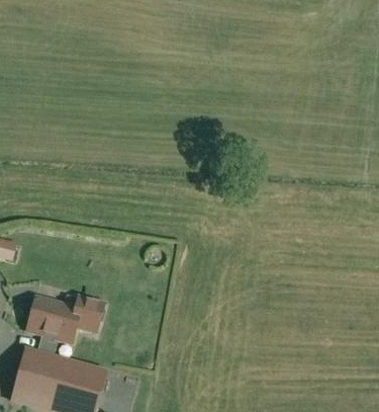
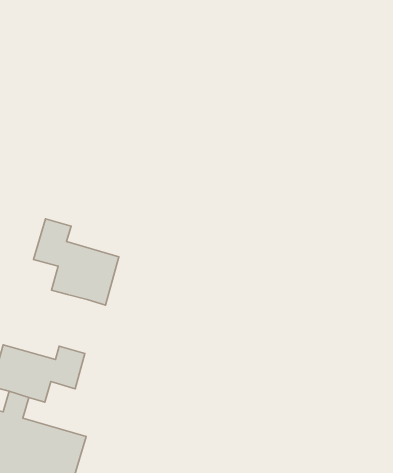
building: none -> [34,219,119,305]

